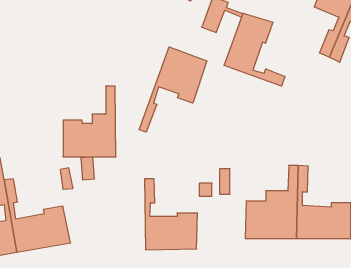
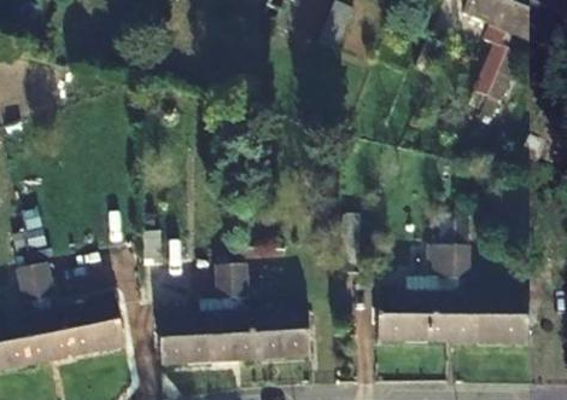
building: [224,13,285,86] -> none
building: [139,47,207,132] -> none
building: [63,86,116,157] -> [160,257,235,358]

